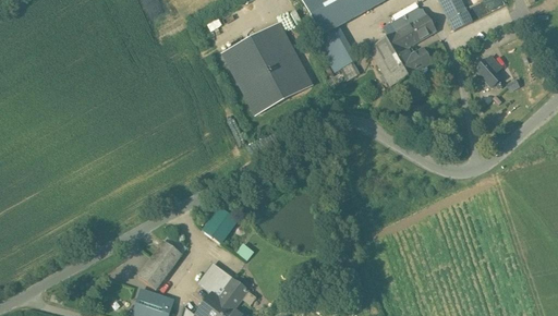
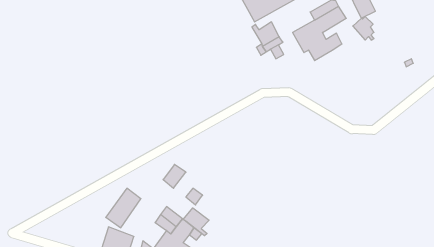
building: [225,23,312,113] -> none
building: [476,57,502,86] -> [353,16,374,40]
building: none -> [183,208,209,236]

